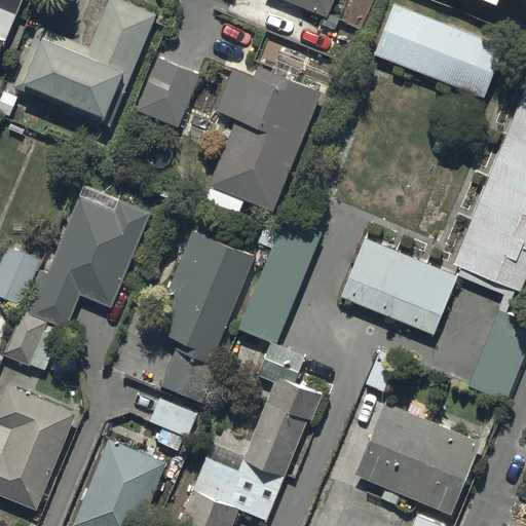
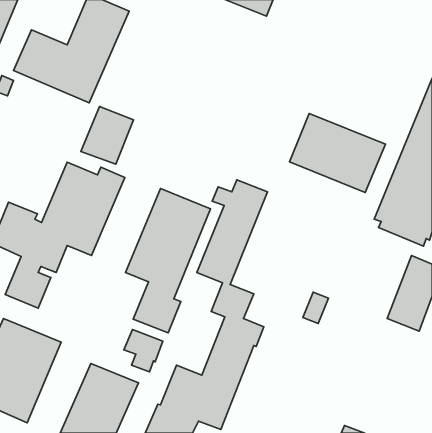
building: [376,4,504,98] -> none
building: [137,58,200,127] -> [81,106,134,164]
building: [203,67,317,213] -> none
building: [342,238,458,334] -> [289,113,385,192]
building: [356,405,482,515] -> none

